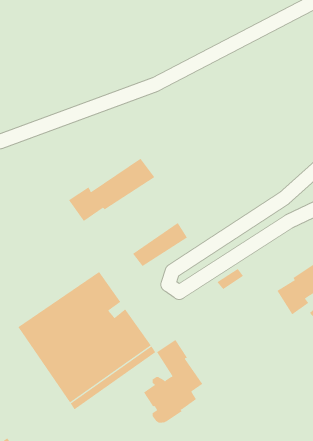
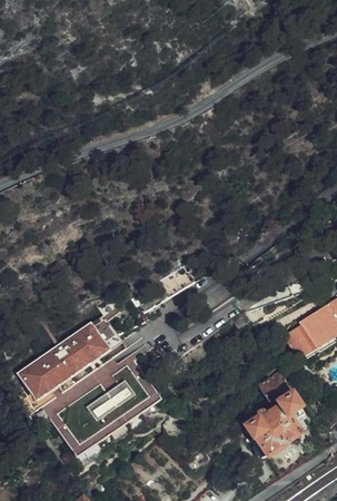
building: [68,158,155,222] -> none
building: [143,339,203,423] -> [246,371,307,456]

